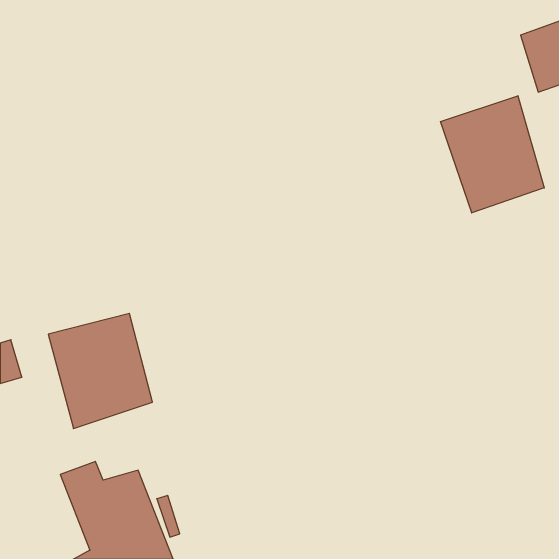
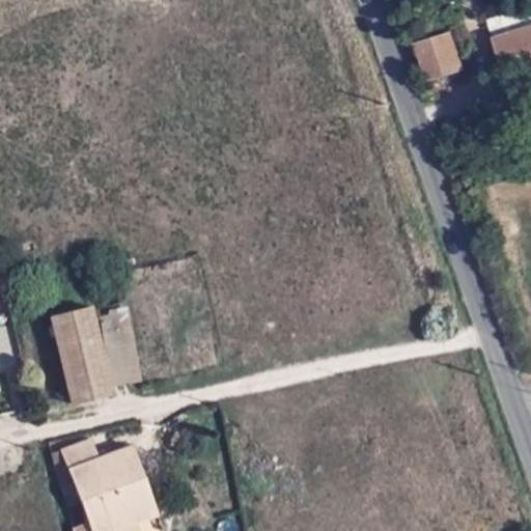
building: none -> [414,31,468,85]
building: [440,96,544,213] -> none

